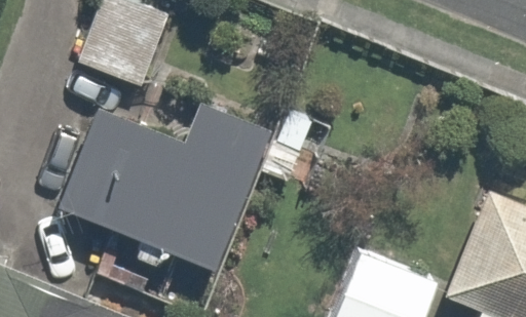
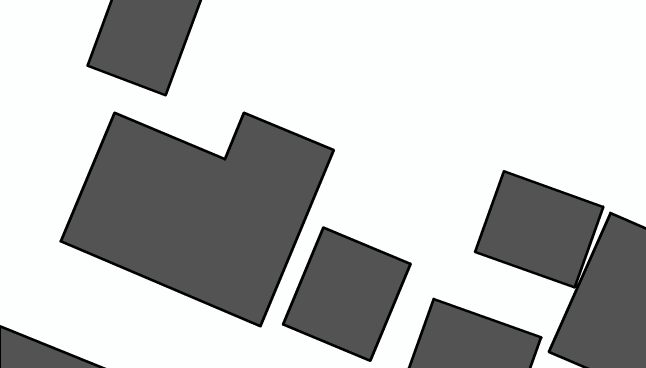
building: none -> [475,171,603,287]
building: none -> [283,228,410,361]

